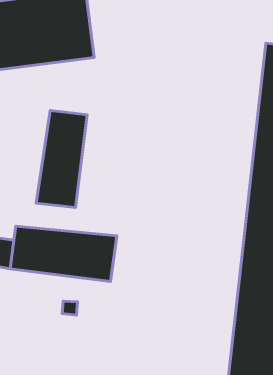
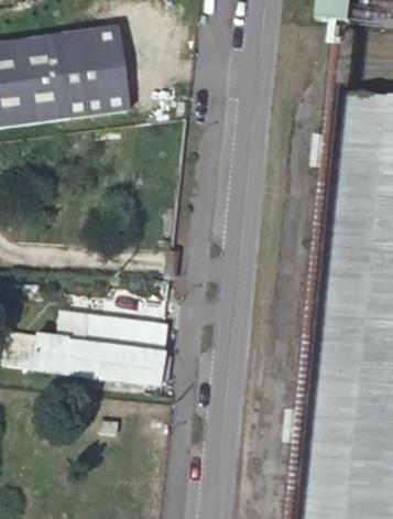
building: [36,110,87,208] -> none

